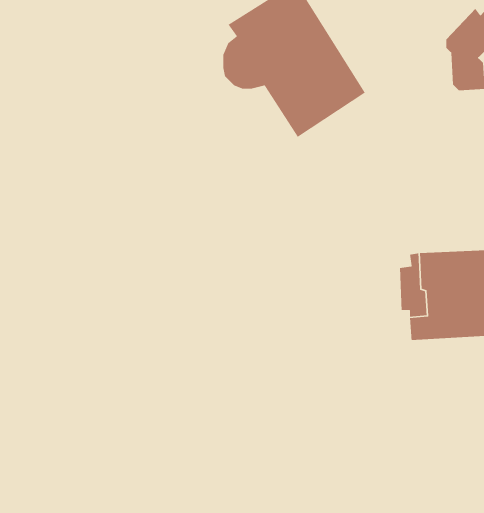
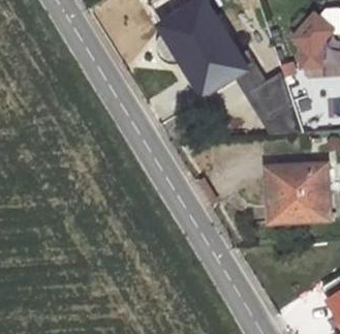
building: none -> [253,79,293,119]

